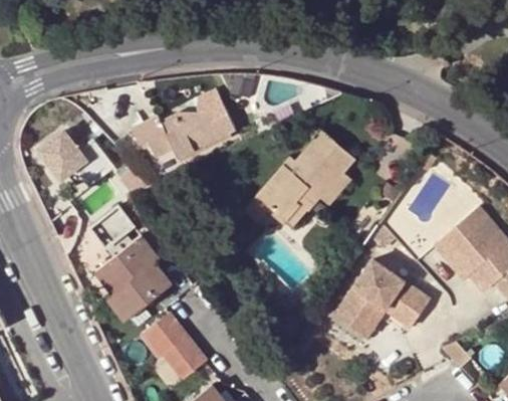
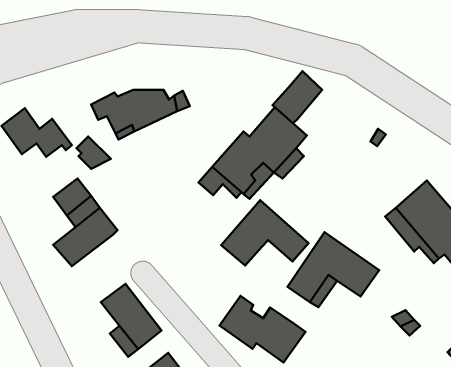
building: none -> [272,71,322,123]
building: none -> [221,200,308,266]
building: [108,262,173,320] -> none
building: none -> [219,296,305,363]

